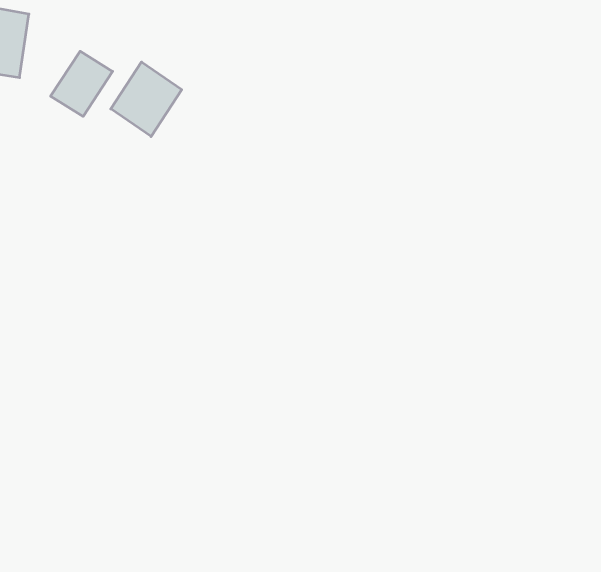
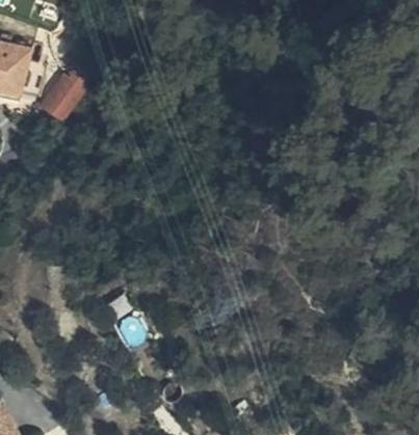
building: [111,62,182,137] -> none

